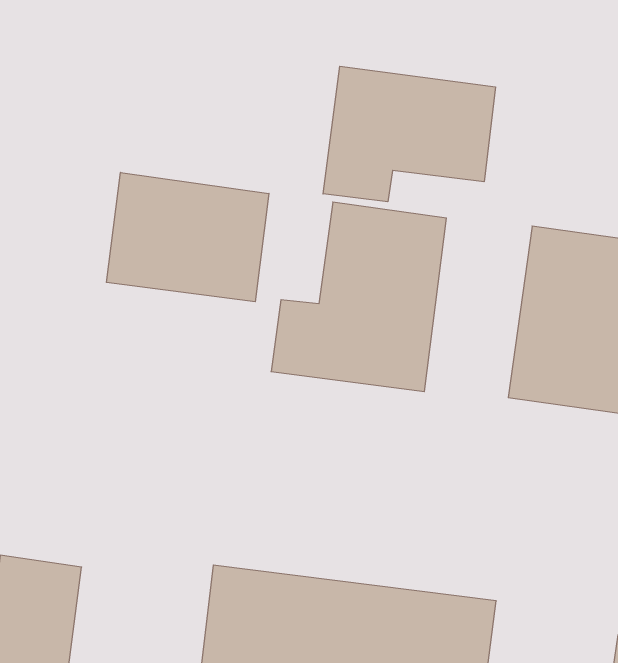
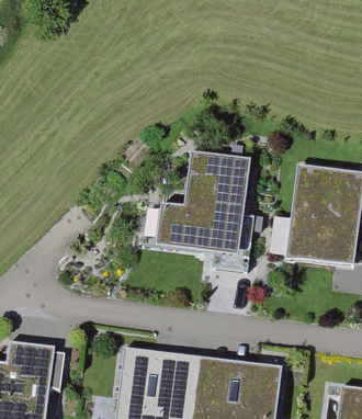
building: [323,66,495,202] -> none
building: [106,172,269,302] -> none

